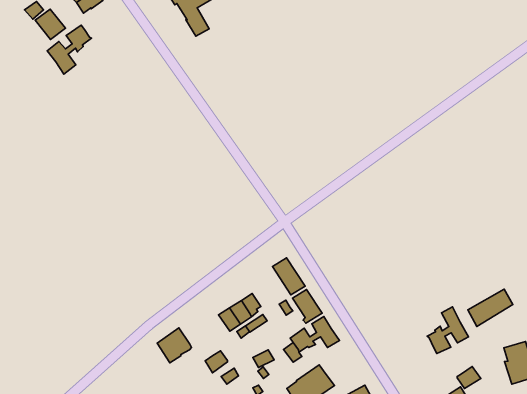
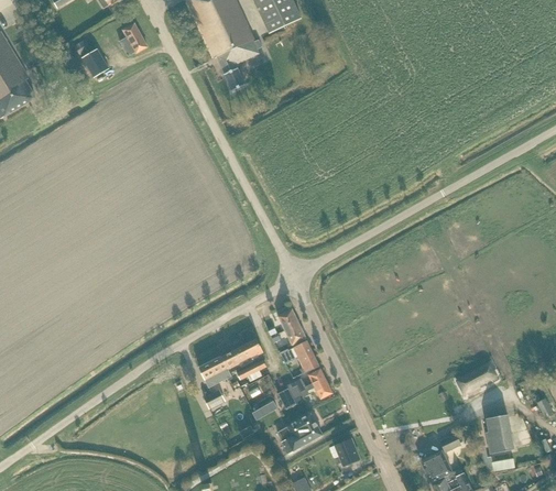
building: [47,25,92,74] -> none
building: [427,307,468,353] -> none
building: [157,328,192,363] -> [199,356,231,388]

